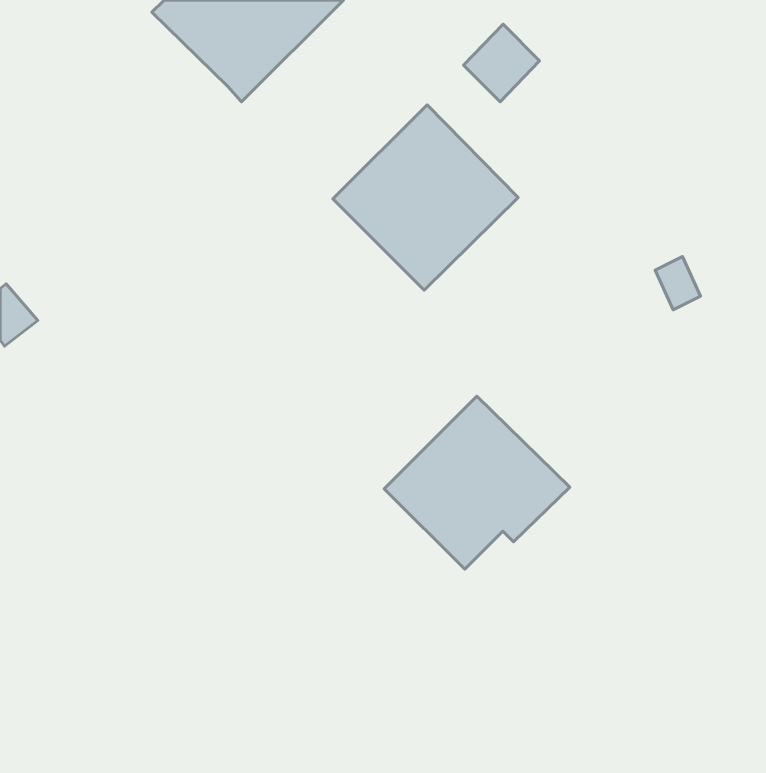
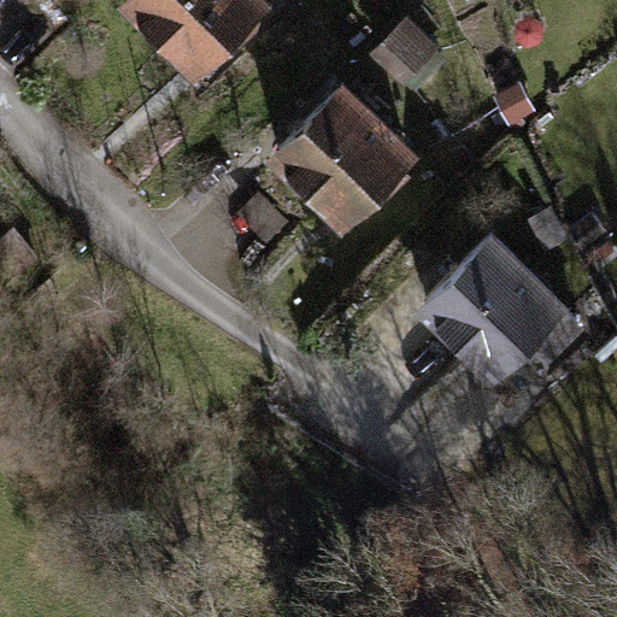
building: [384,396,570,569] -> [415,239,562,376]

